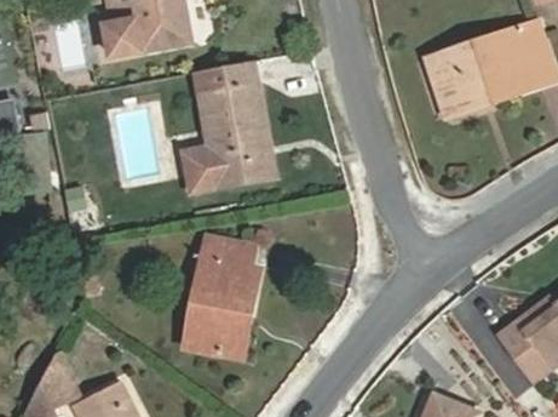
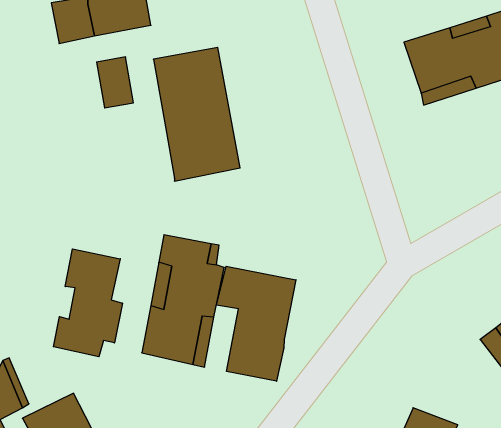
building: [179,143,213,190] -> [97,57,133,108]
building: none -> [53,249,122,357]
building: none -> [216,266,296,381]

